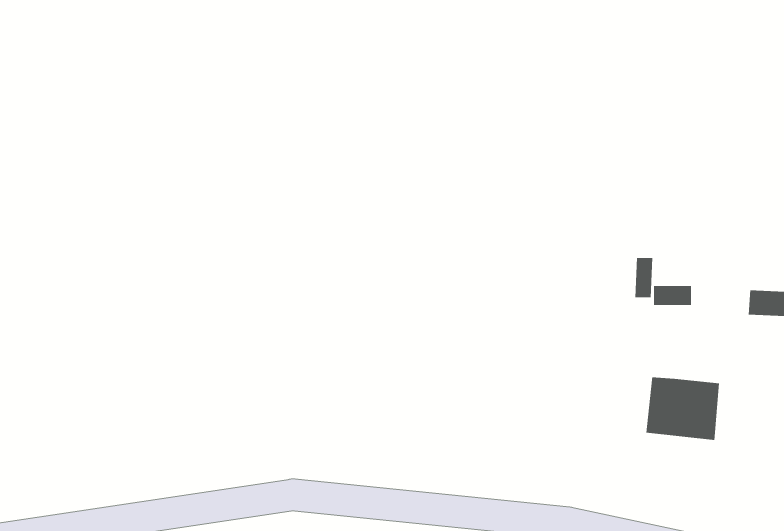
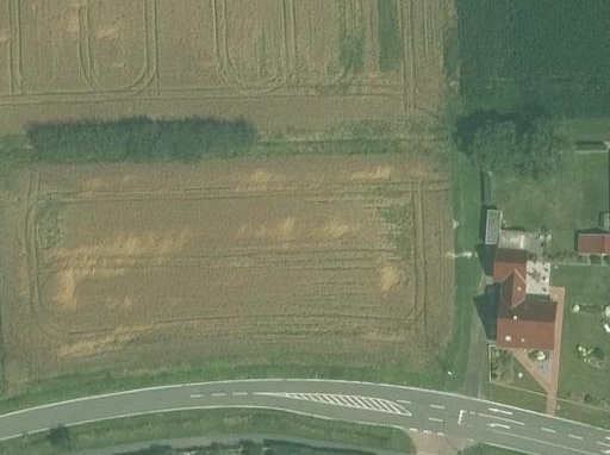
building: none -> [494,250,528,300]

